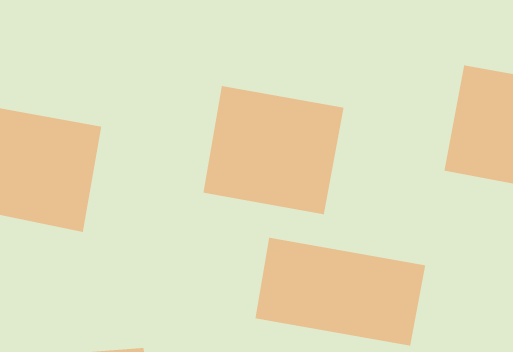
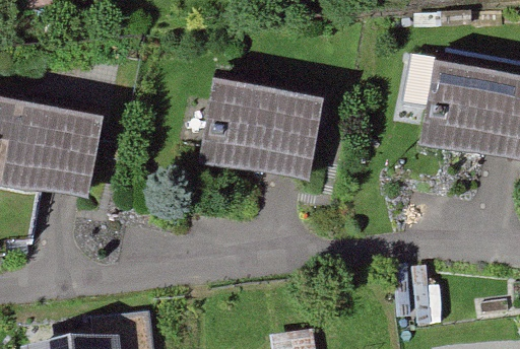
building: [254,237,426,346] -> none

